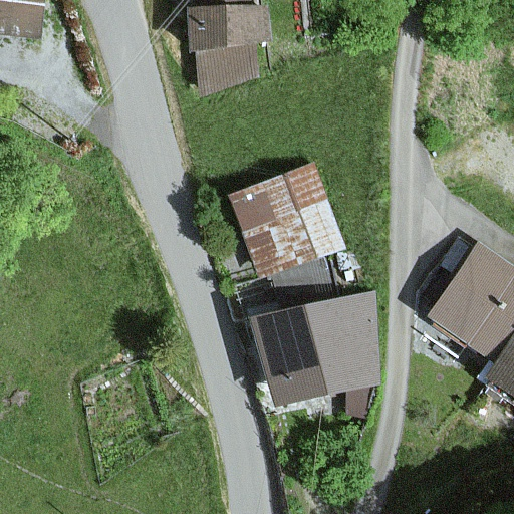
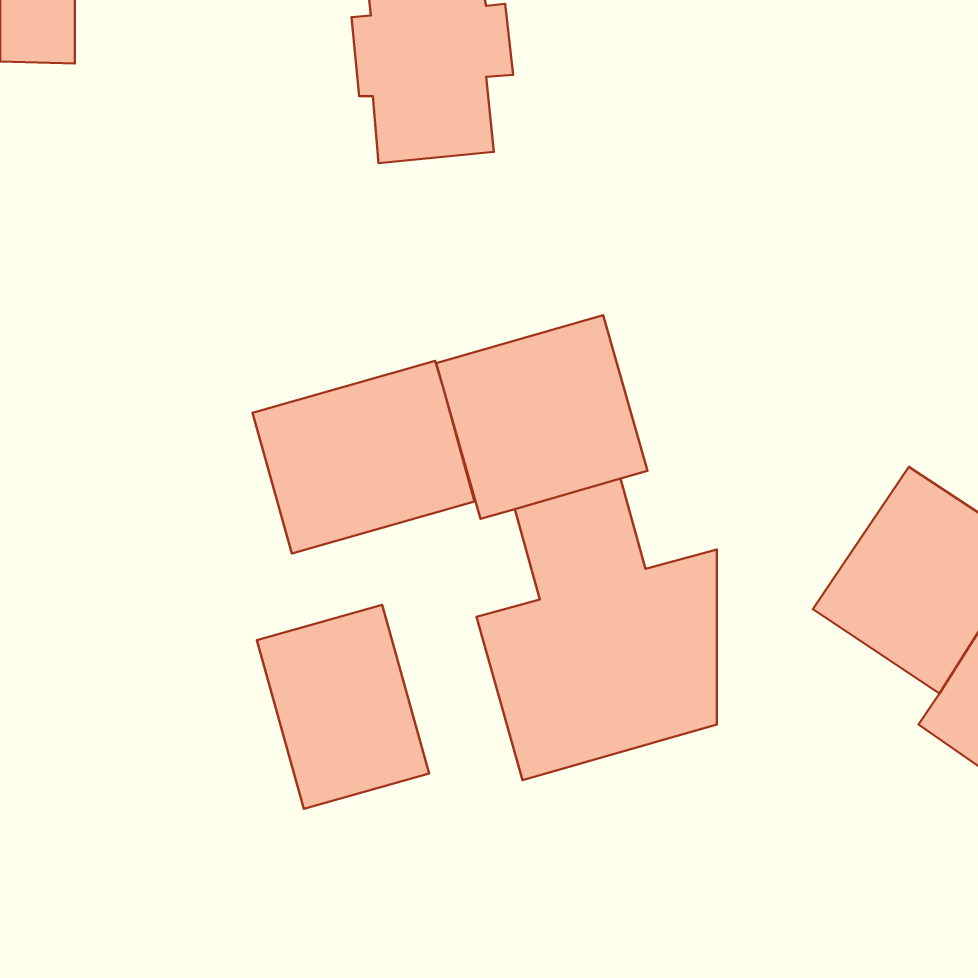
building: none -> [253,361,475,553]
building: none -> [257,605,429,809]

